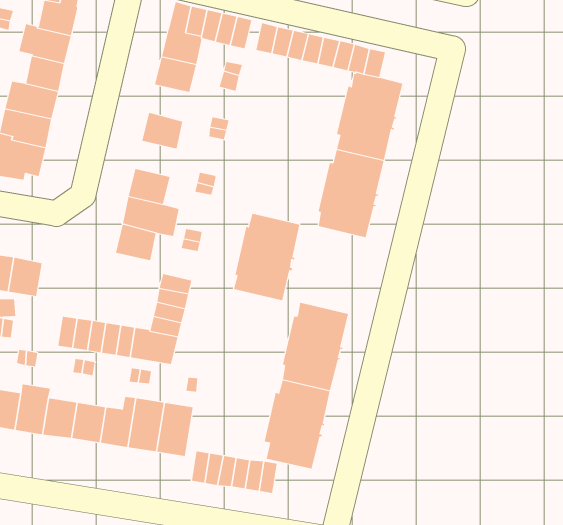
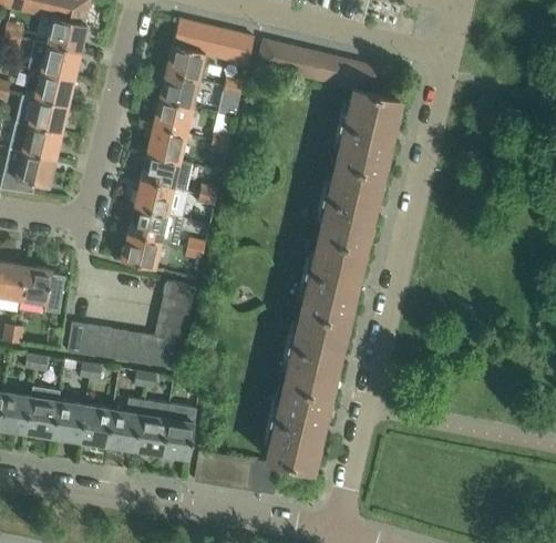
building: none -> [155,99,195,134]
building: none -> [142,153,194,189]
building: [233,213,300,301] -> [300,235,364,319]

